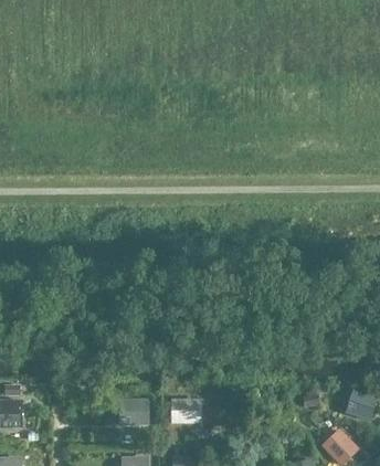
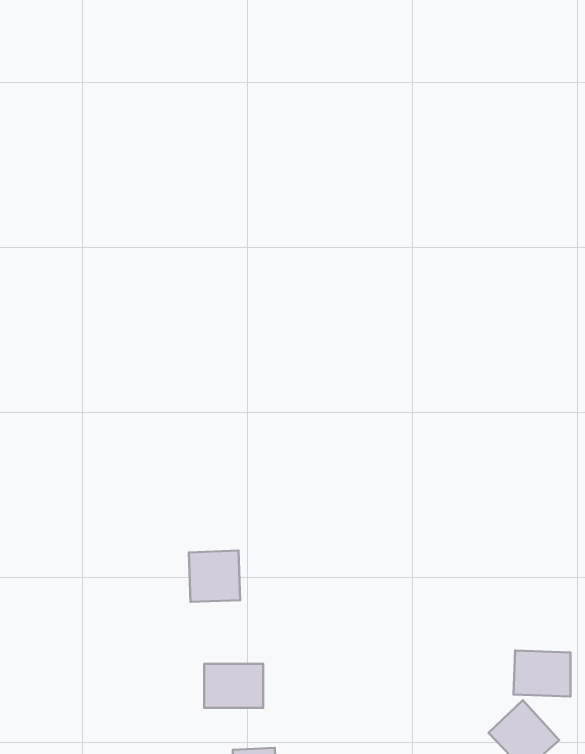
building: [123,394,152,424] -> [189,550,240,602]

